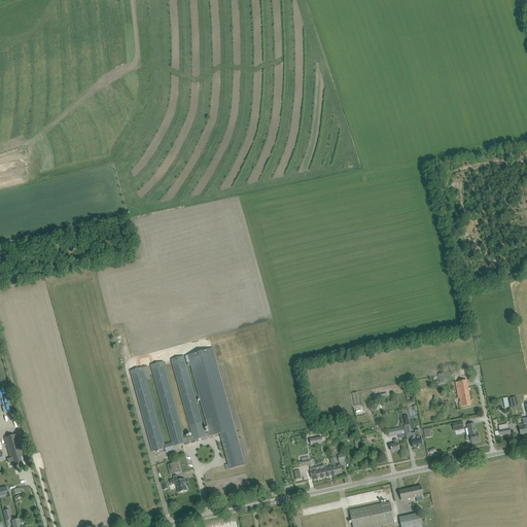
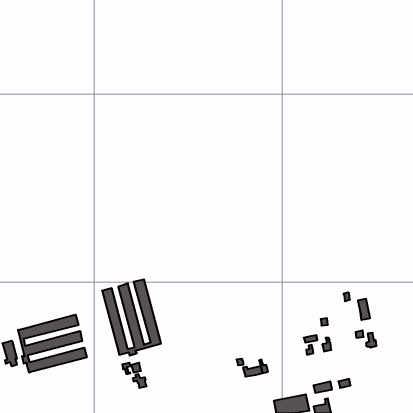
building: [187,347,244,468] -> none
building: none -> [18,315,87,373]

